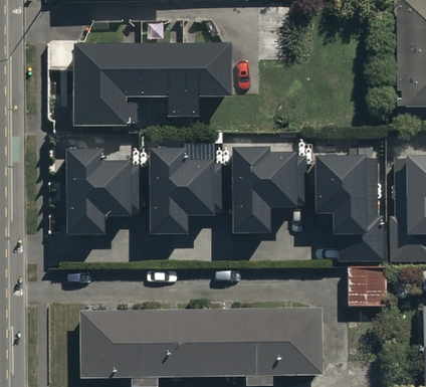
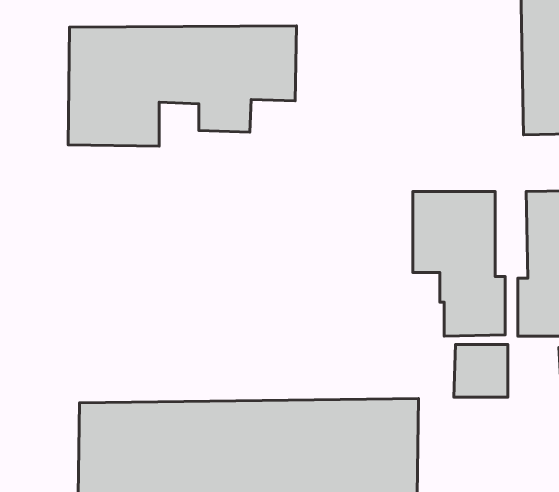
building: [152,150,224,234] -> none
building: [234,150,306,234] -> none
building: [69,151,142,235] -> none

